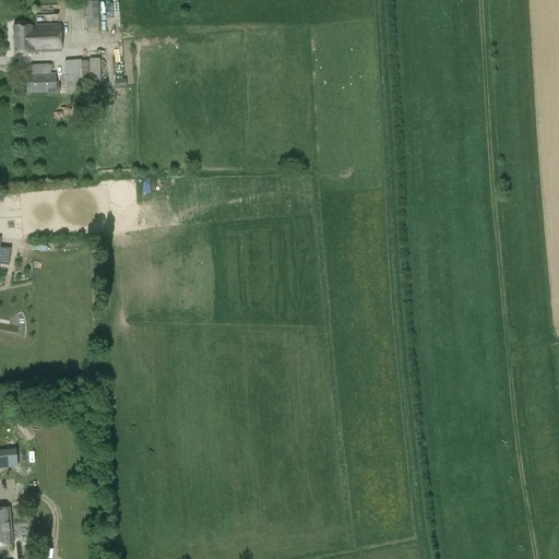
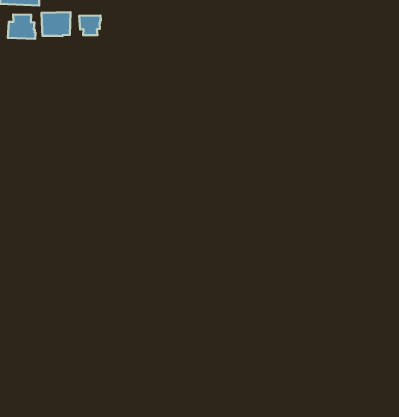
building: none -> [79,15,101,35]

